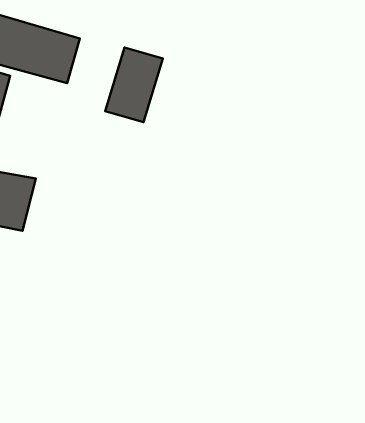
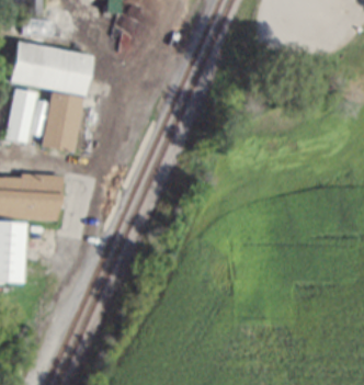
building: [105,47,163,122] -> [41,91,86,152]

